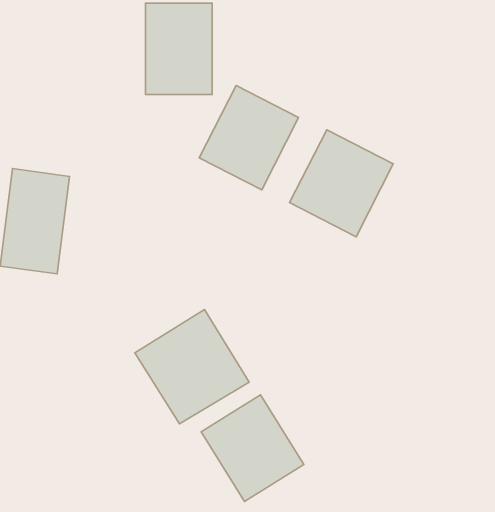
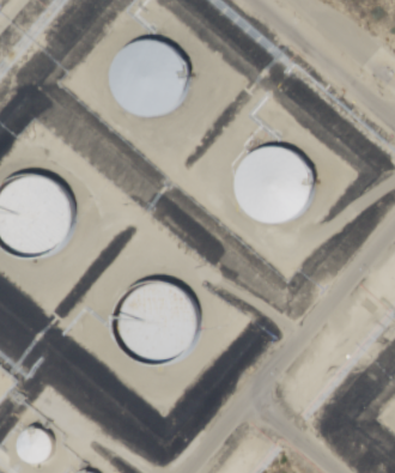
building: [199,86,299,190] -> none
building: [201,395,304,502] -> none

